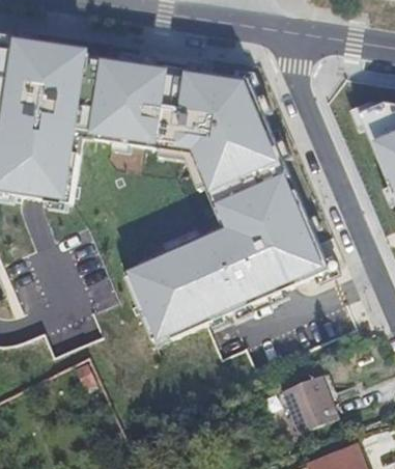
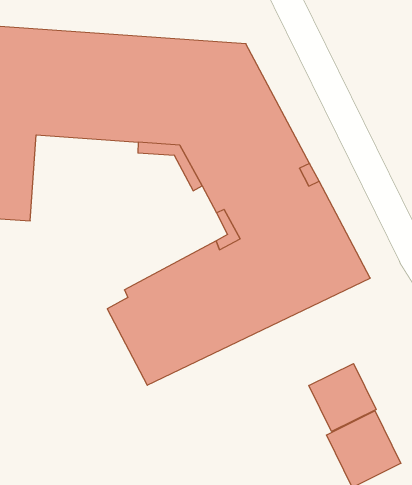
building: none -> [309,364,376,431]

